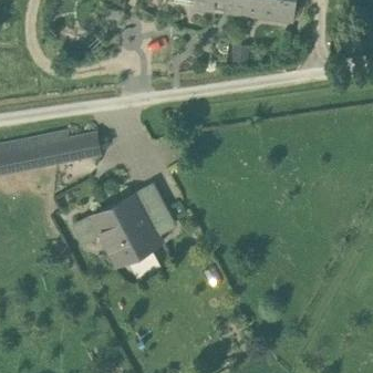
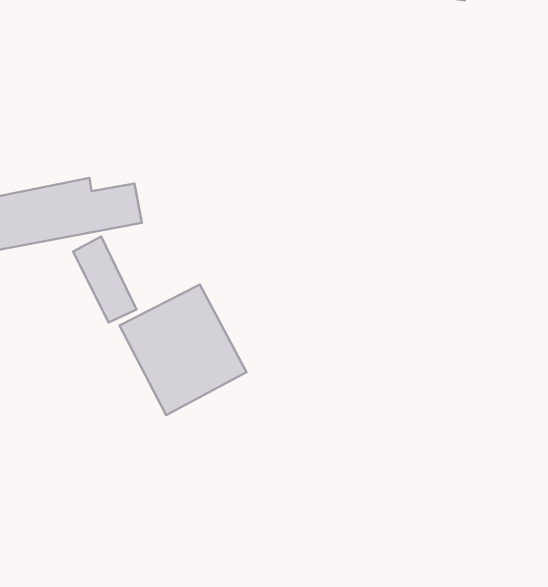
building: [137,184,175,235] -> [73,237,137,323]

